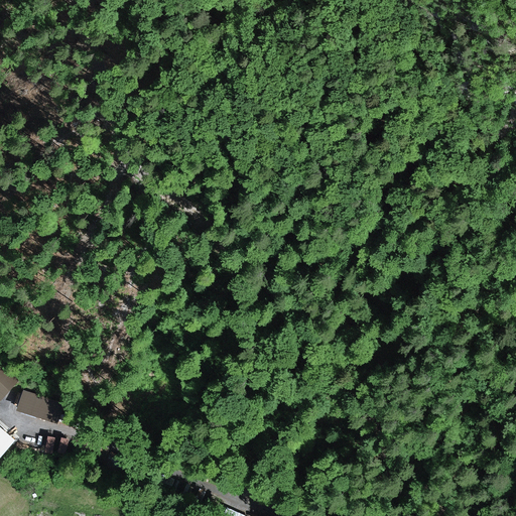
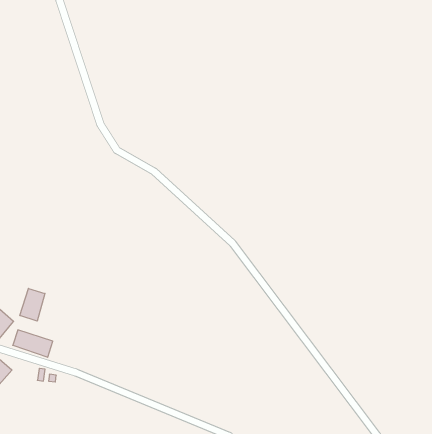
building: none -> [20,288,45,321]

